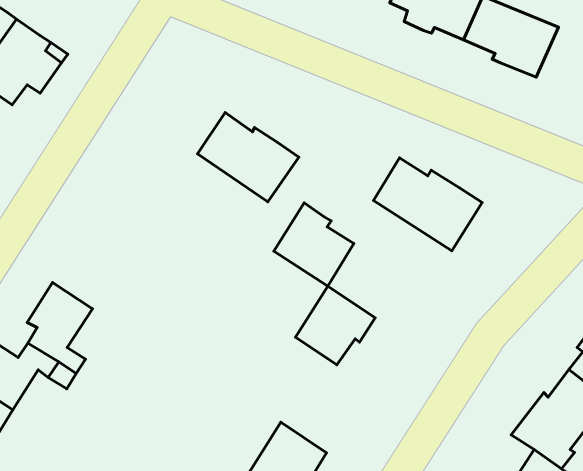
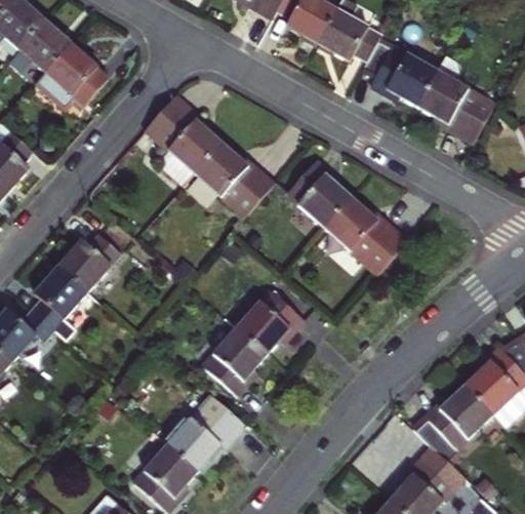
building: none -> [145,92,220,182]
building: [274,203,354,286] -> [289,158,354,227]
building: none -> [64,224,125,280]
building: none -> [215,326,280,396]

